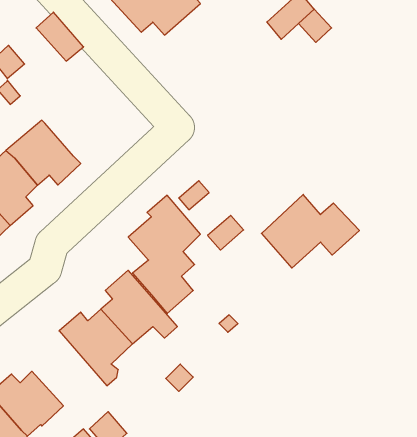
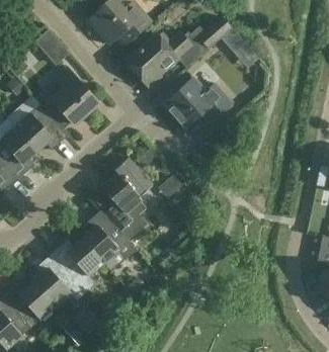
building: none -> [126,30,195,86]
building: none -> [42,69,97,130]
building: [261,194,359,268] -> [163,77,232,128]
building: none -> [32,253,85,305]

